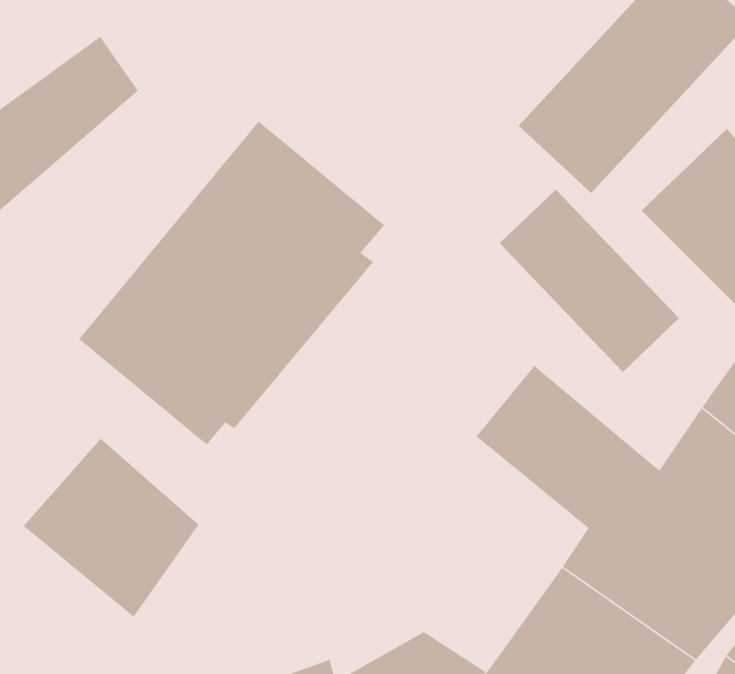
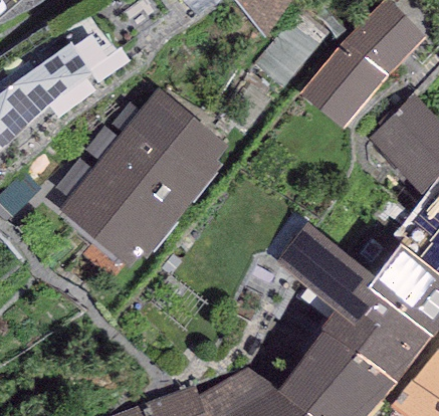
building: [499,189,680,373] -> none
building: [23,438,199,618] -> none

